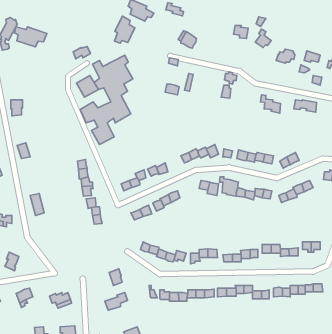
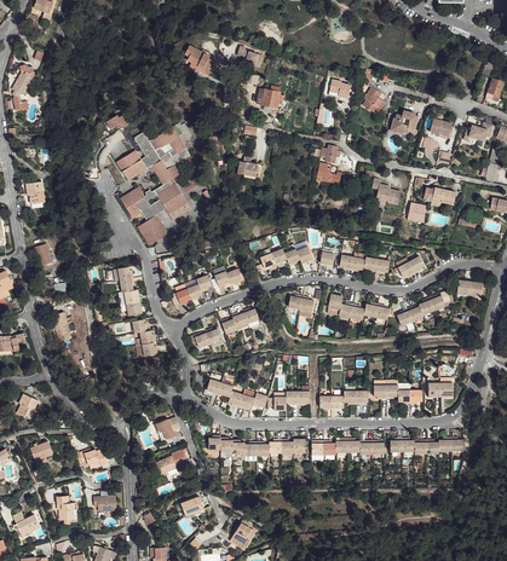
building: [114,16,135,43] -> none
building: [15,27,47,47] -> none

